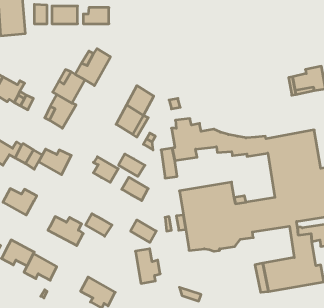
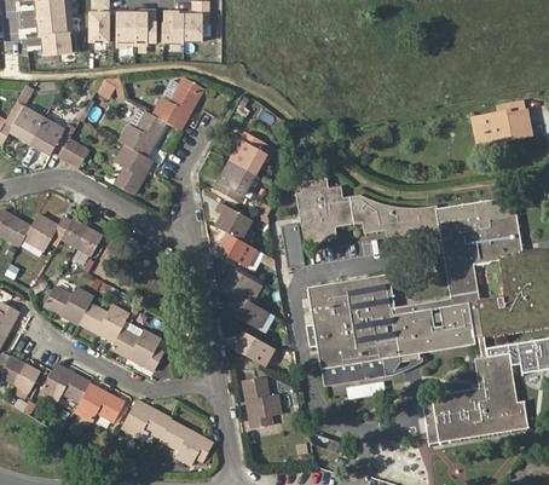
building: [38,149,71,175] -> [80,304,129,342]
building: [93,157,118,182] -> [215,202,253,241]
building: [86,214,112,236] -> [227,295,267,329]
building: none -> [121,400,173,440]

